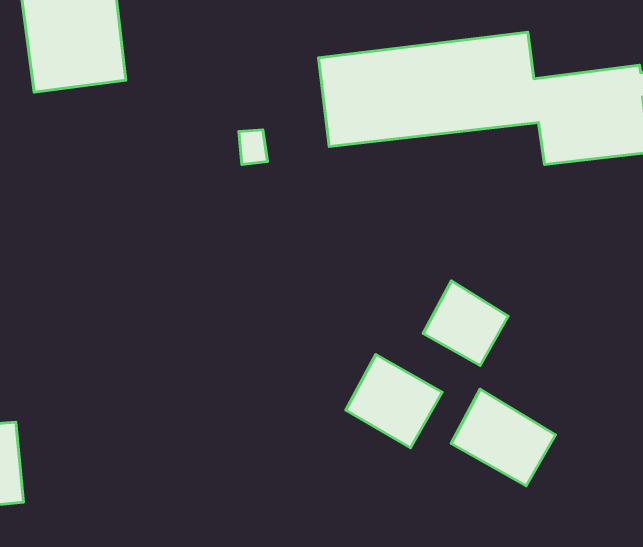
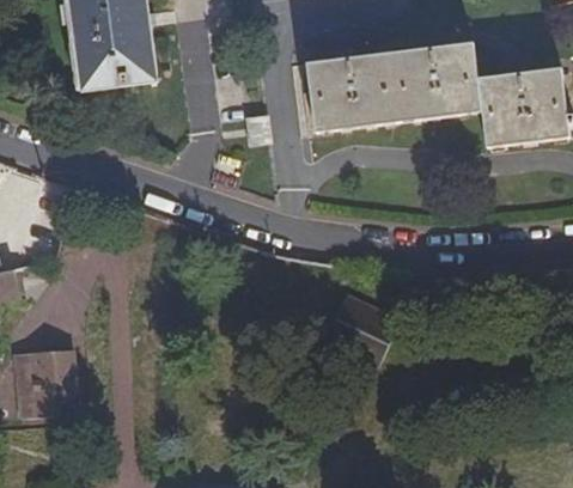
building: [423,281,508,366] -> none
building: [451,389,555,486] -> none

